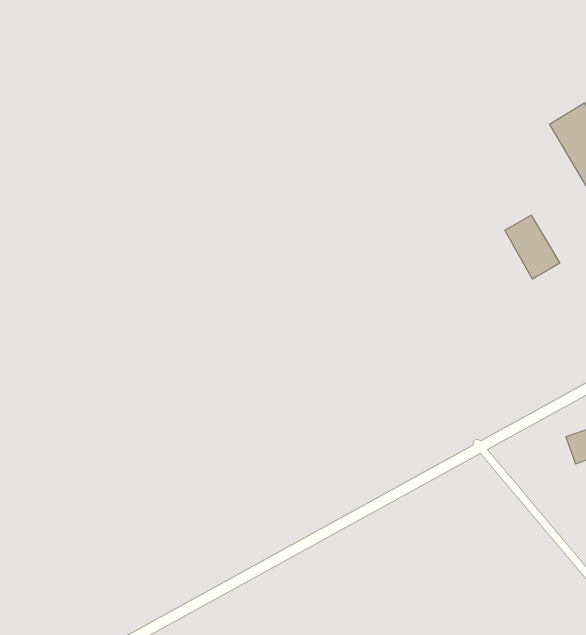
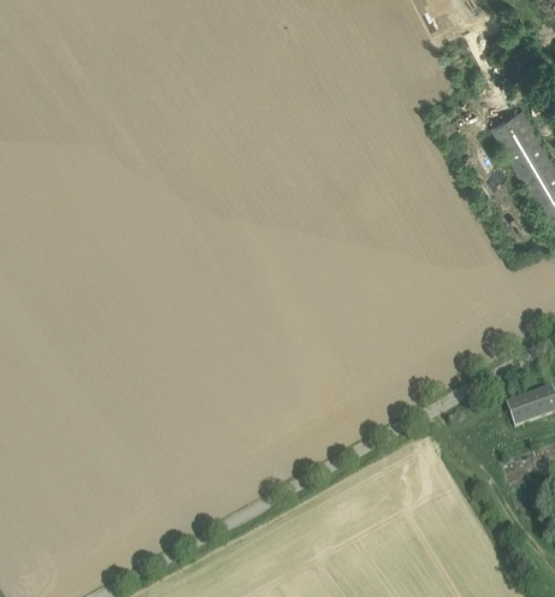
building: [505,215,560,279] -> none

